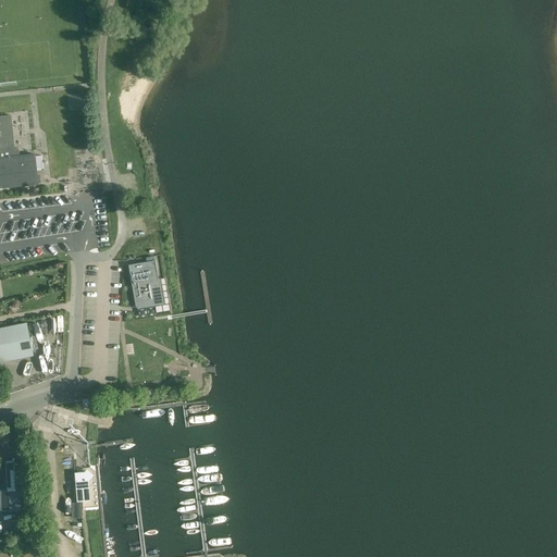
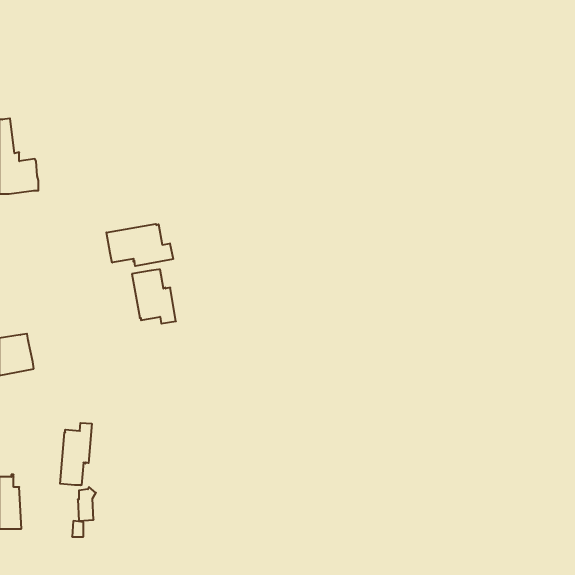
building: none -> [106,224,173,266]
building: none -> [60,423,92,485]

